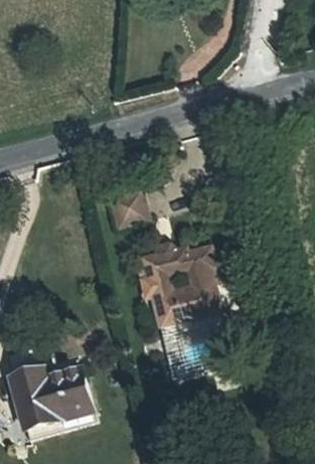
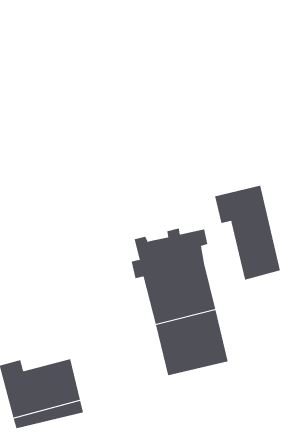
building: [109,181,147,218] -> none
building: none -> [215,185,281,280]

